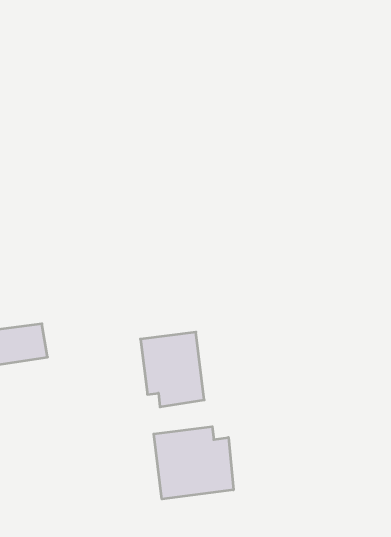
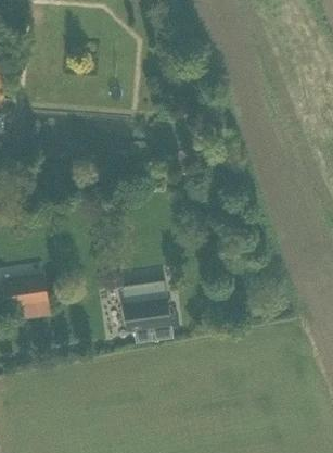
building: [154,427,233,499] -> none

